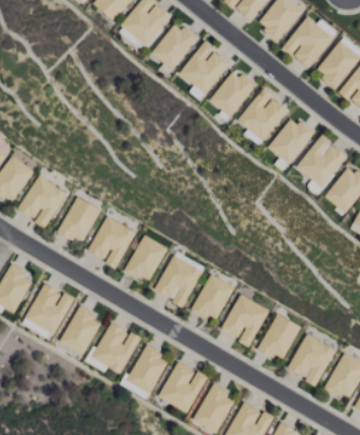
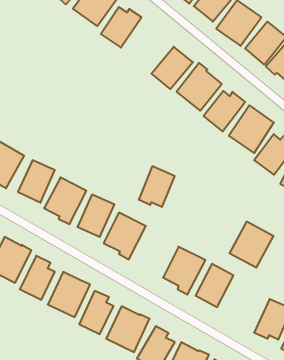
building: [179,40,229,94] -> none
building: [193,274,233,319] -> [139,166,175,207]
building: [287,334,337,385] -> [229,222,274,268]

